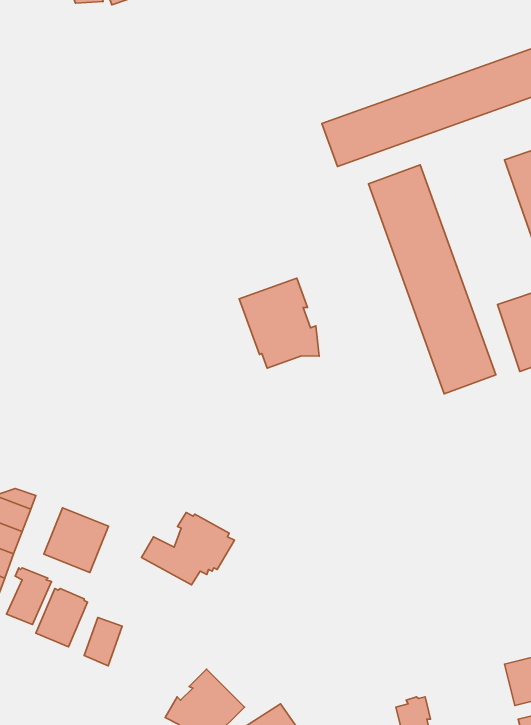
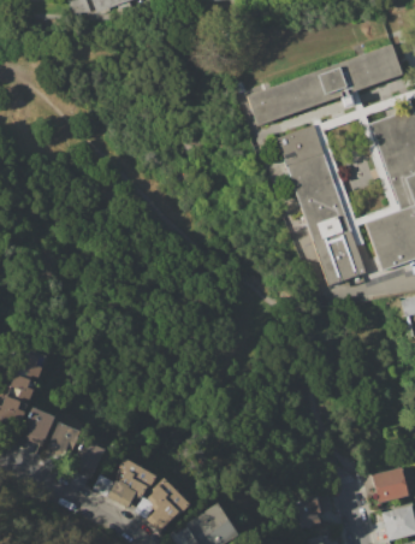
building: [239,278,319,368] -> none
building: [44,508,108,573] -> none
building: [141,513,234,585] -> [91,457,156,508]

